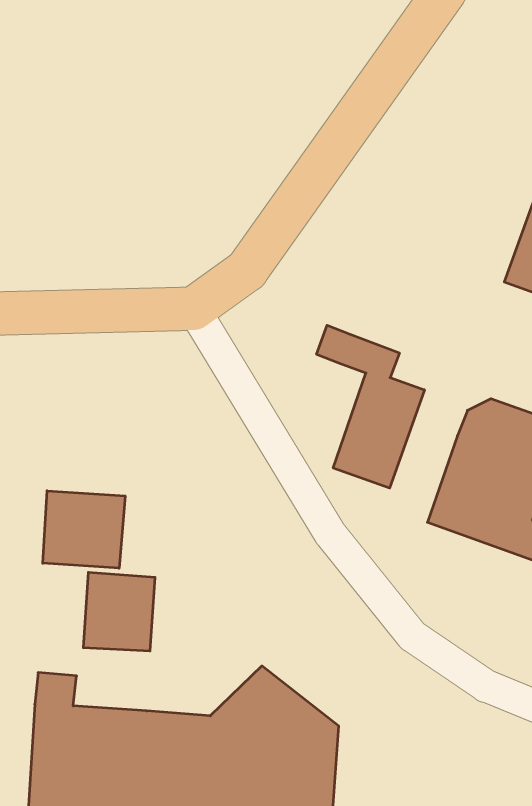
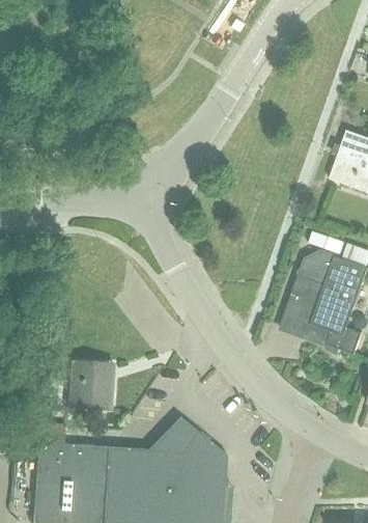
building: [317,325,424,488] -> none
building: [43,491,125,568] -> none

